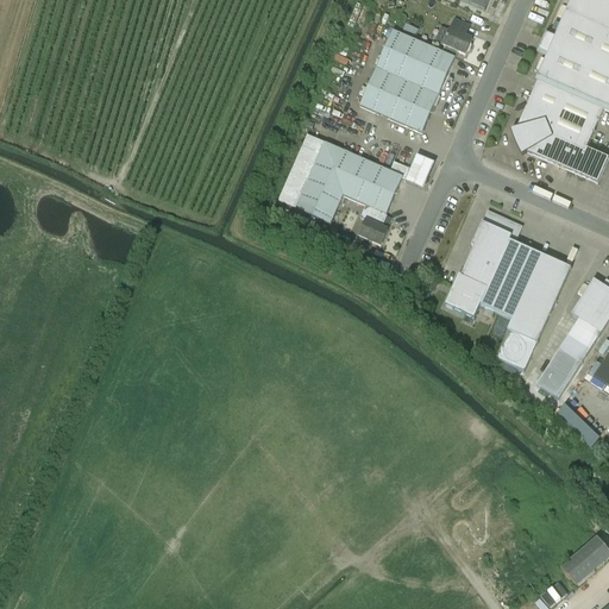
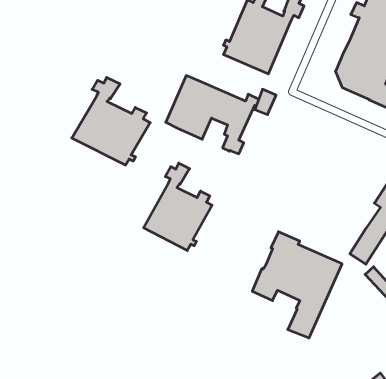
building: none -> [72,77,150,165]
building: [445,220,571,369] -> [252,232,342,338]
building: none -> [144,163,212,251]

